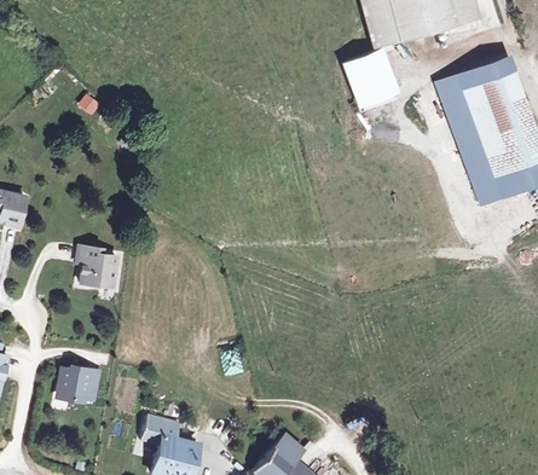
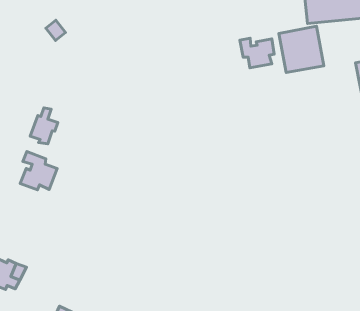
building: none -> [240,38,274,68]
building: none -> [30,108,58,144]

